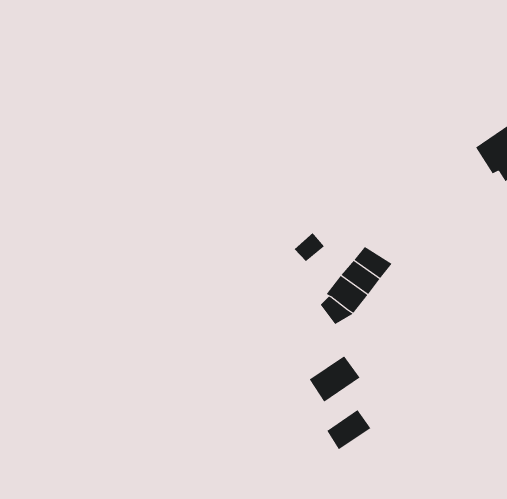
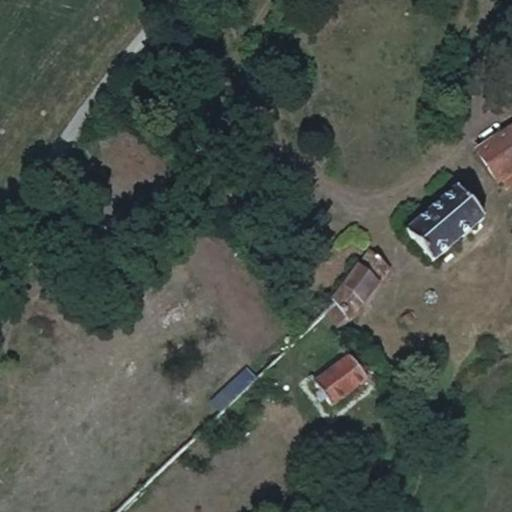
building: none -> [413,186,482,249]
building: [326,409,371,450] -> none

